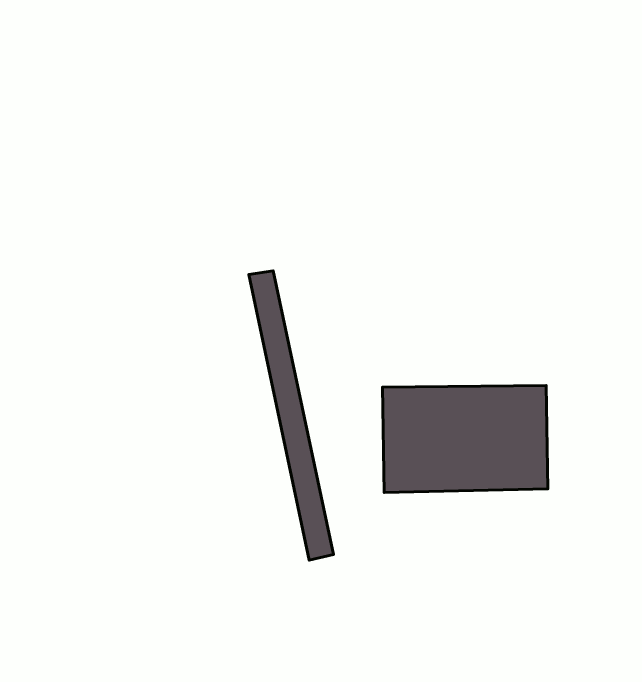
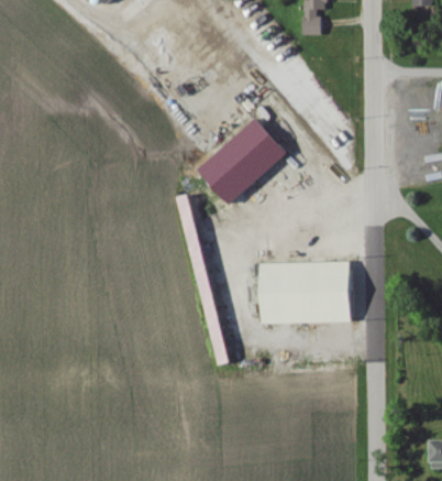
building: none -> [196,116,289,207]

